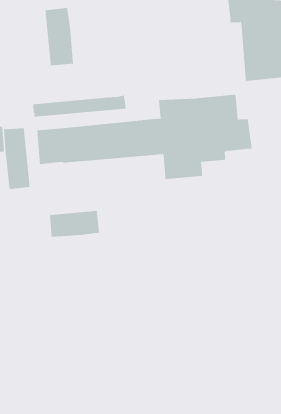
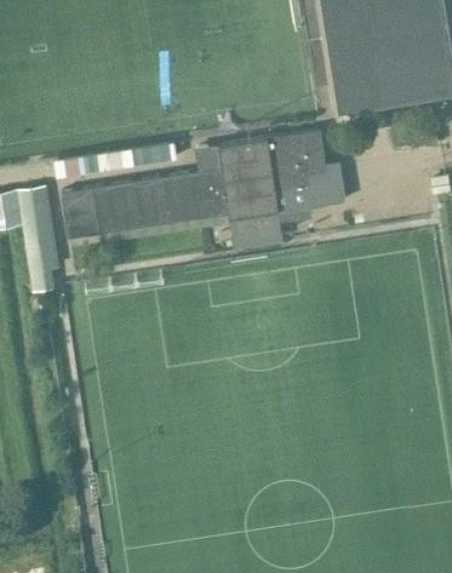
building: [45,7,73,66] -> none
building: [49,210,100,237] -> none

